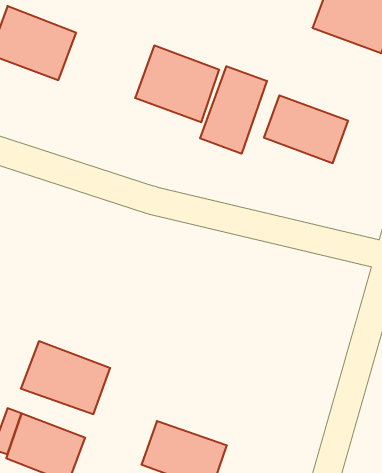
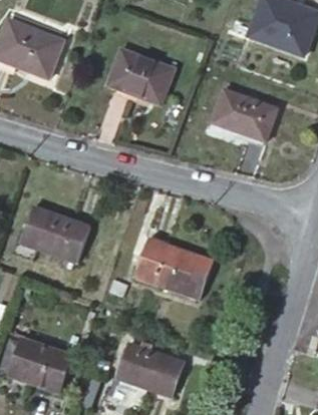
building: [200,66,267,154] -> none
building: none -> [136,238,214,299]
building: [21,341,110,414] -> [20,205,90,263]

